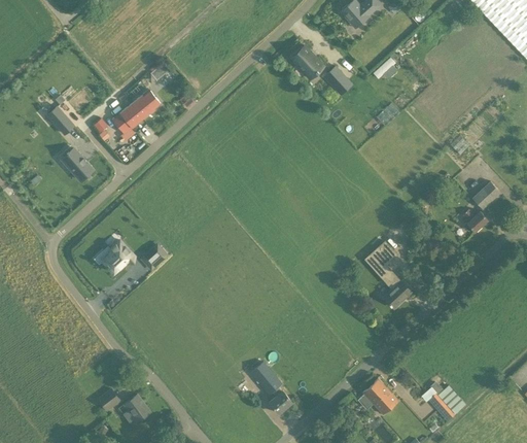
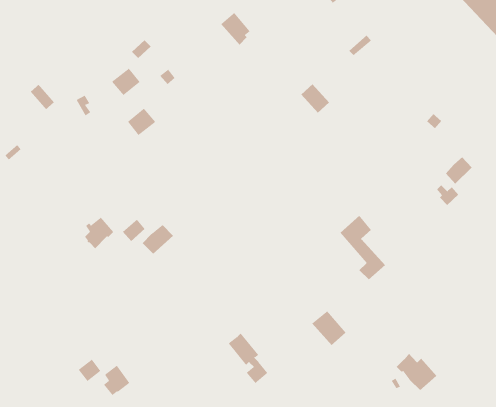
building: [291,44,322,78] -> [220,12,251,45]
building: [323,65,353,96] -> [301,83,330,114]
building: [113,104,143,133] -> [127,108,156,136]
building: [58,147,87,178] -> none
building: none -> [142,224,174,255]
building: [362,378,398,414] -> [311,310,347,346]

